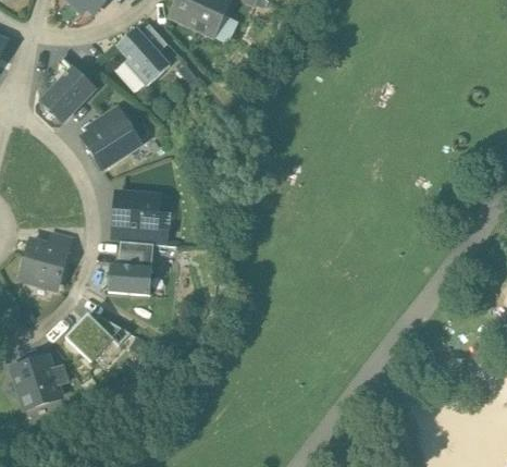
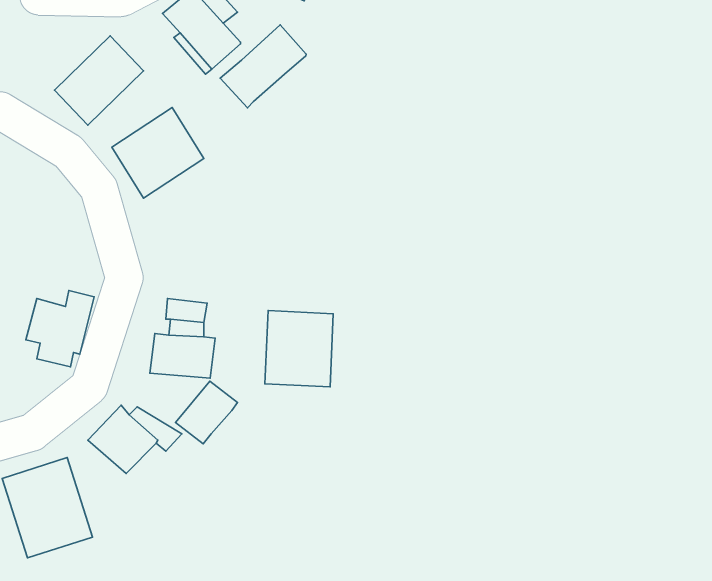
building: none -> [220,25,306,108]
building: [114,187,161,239] -> [265,311,333,387]
building: none -> [176,381,238,444]

